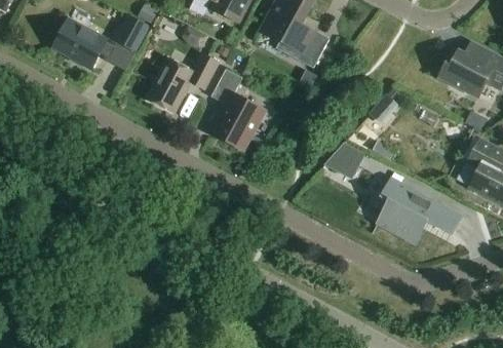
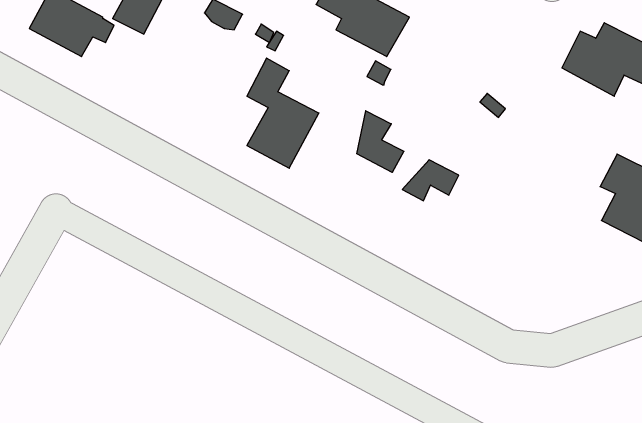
building: [147,53,219,112] -> none
building: none -> [357,111,404,172]
building: [378,179,462,242] -> none

